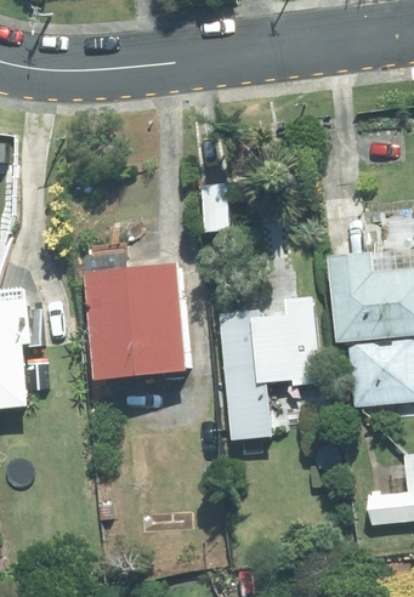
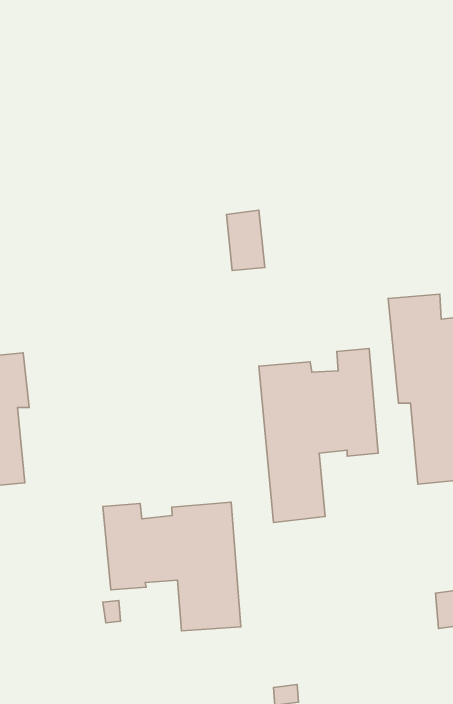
building: [84,263,185,379] -> none
building: none -> [103,502,241,631]

